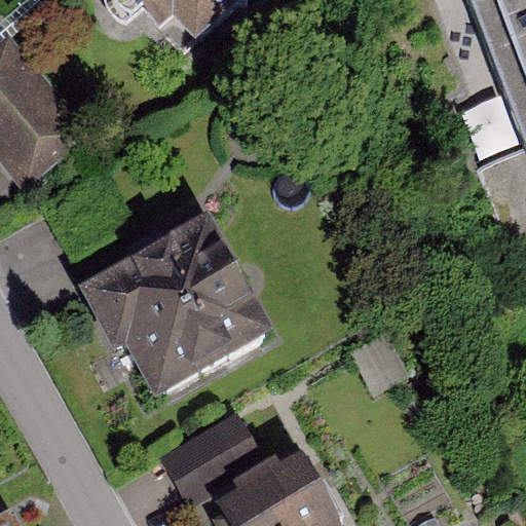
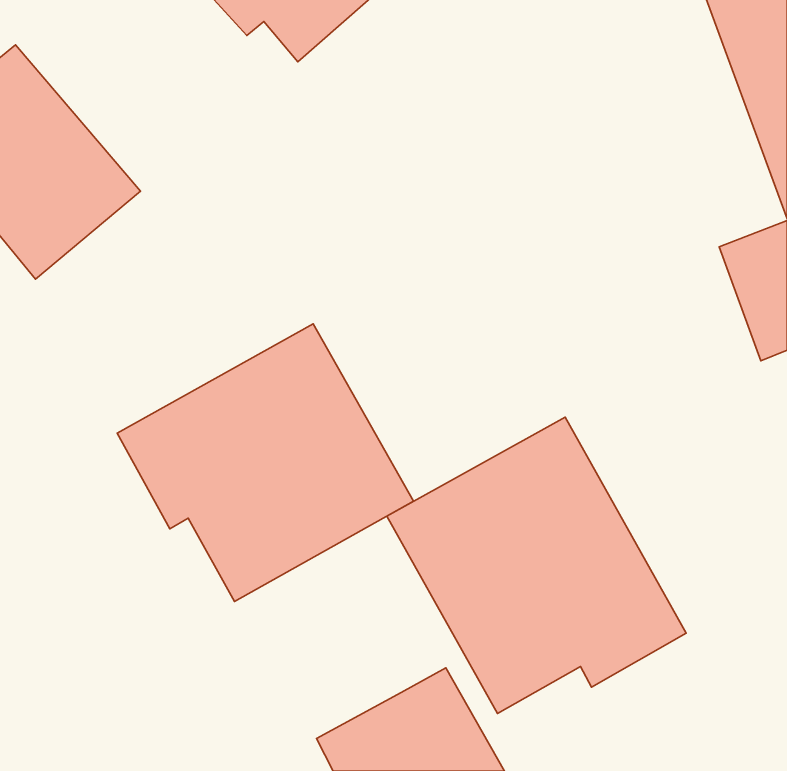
building: none -> [387,417,686,713]
building: [161,410,267,504] -> none

